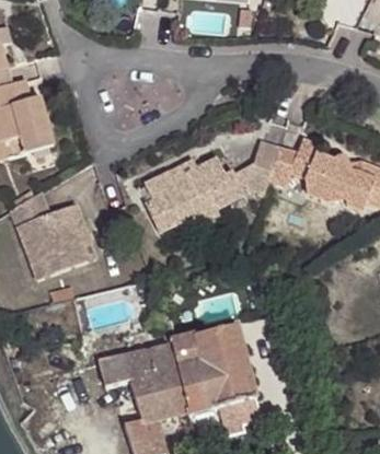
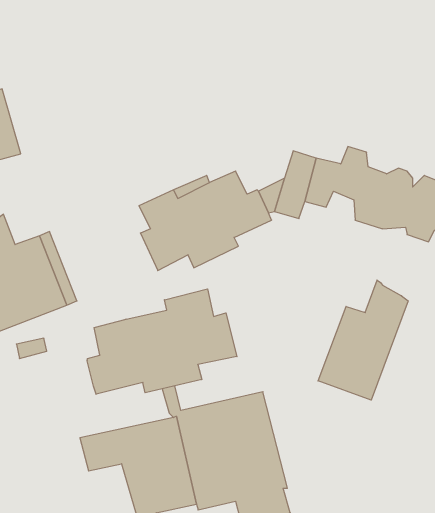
building: none -> [318,280,408,400]
building: none -> [87,289,237,394]

